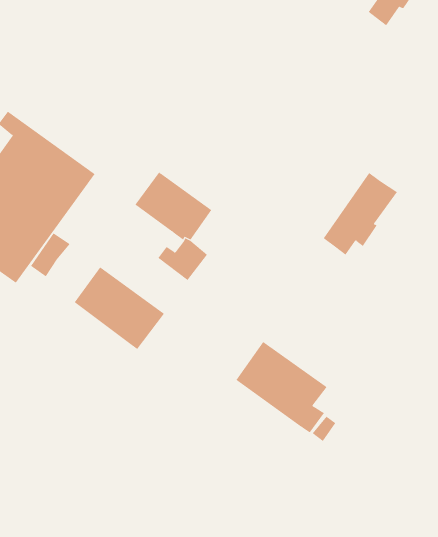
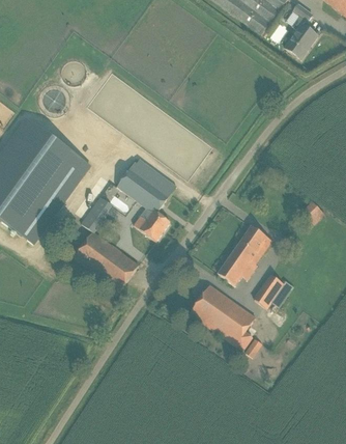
building: [323,172,398,256] -> [218,224,271,284]
building: [30,233,71,277] -> [81,197,110,229]
building: none -> [254,274,292,307]

